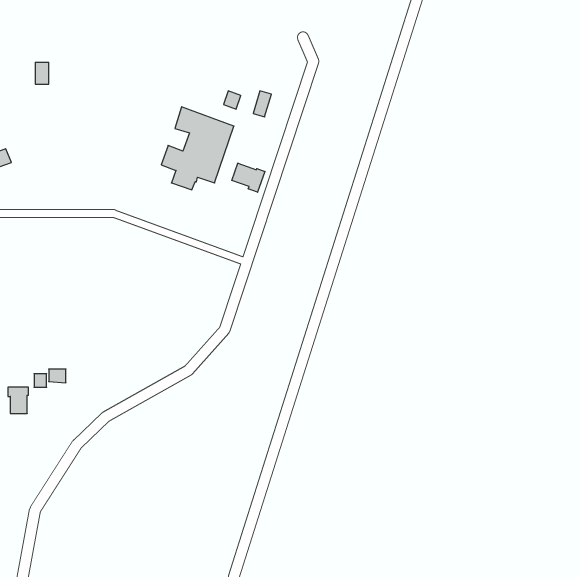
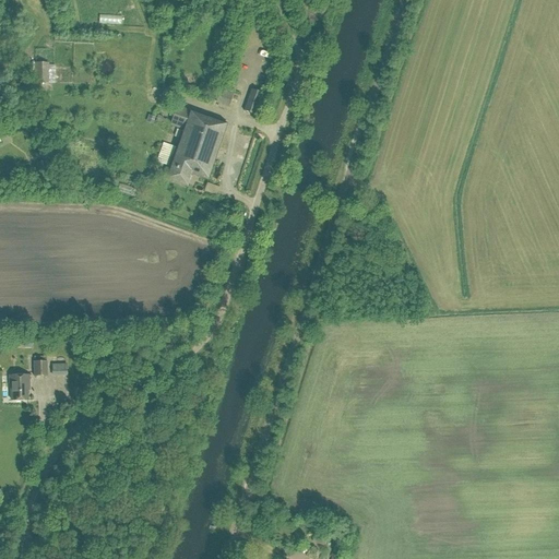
building: [232,163,265,192] -> none

